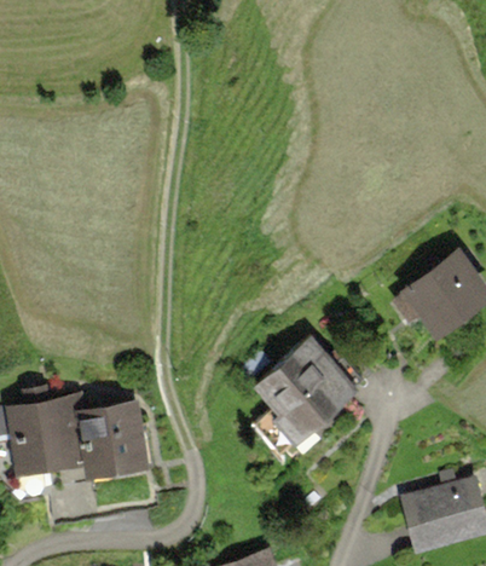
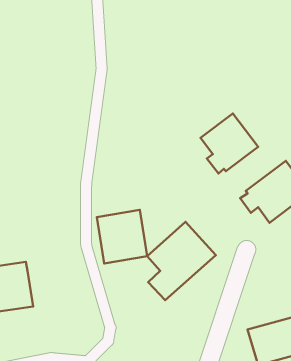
building: none -> [201,114,258,173]
building: [75,399,150,479] -> [97,210,147,263]

